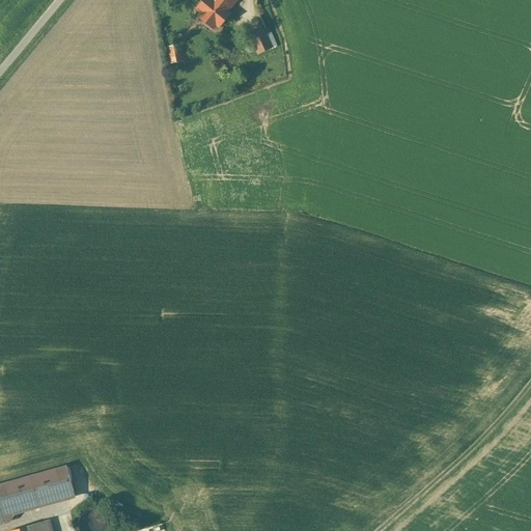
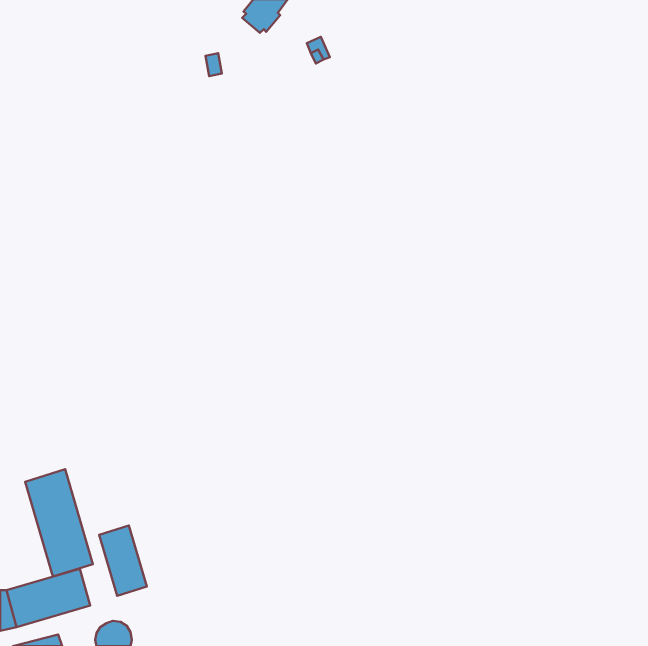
building: none -> [25,469,93,577]
building: none -> [99,526,147,596]

